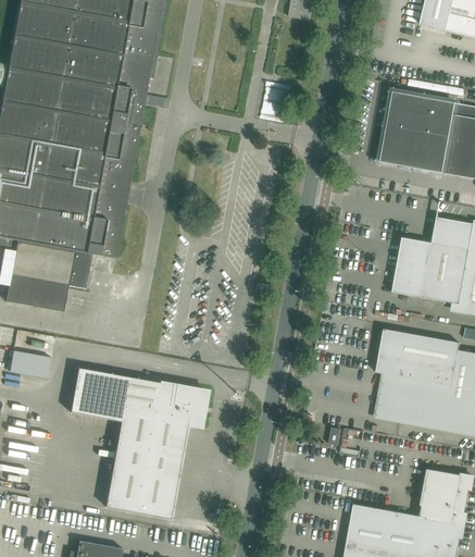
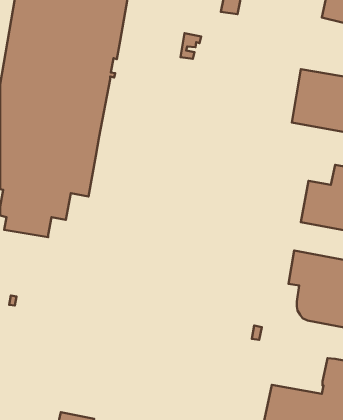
building: [262,81,289,114] -> [180,33,201,59]
building: [10,350,52,379] -> none
building: [71,369,208,518] -> none

